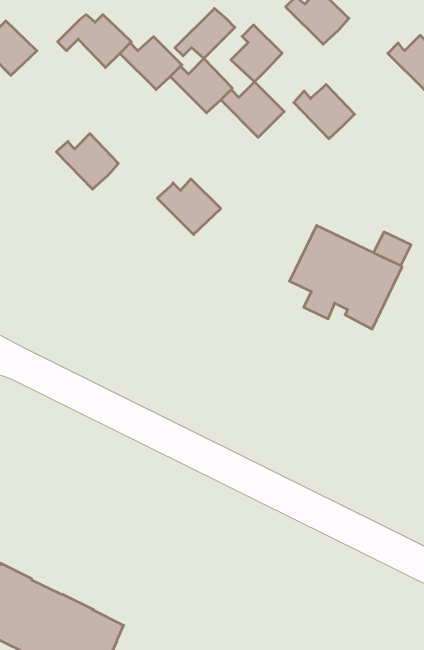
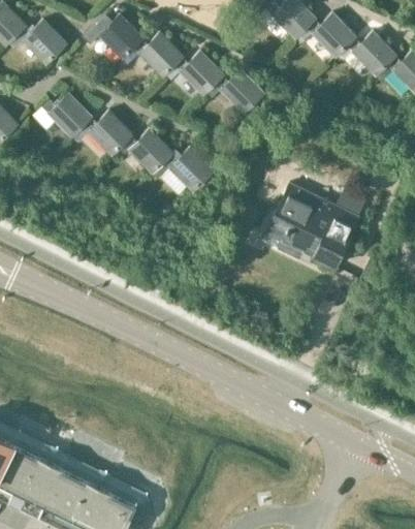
building: [175,8,235,59] -> none
building: [231,25,282,82] -> none
building: [294,84,355,139] -> [308,13,356,57]
building: none -> [42,92,92,136]
building: none -> [124,129,173,174]

